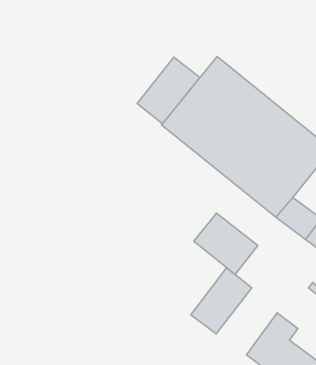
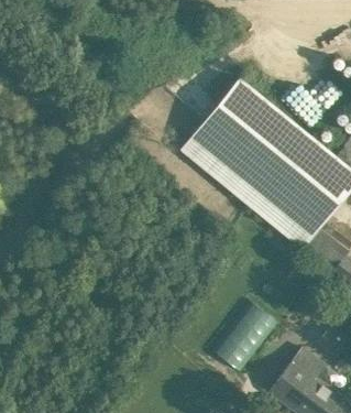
building: [137,57,200,124] -> none
building: [194,213,258,275] -> none

